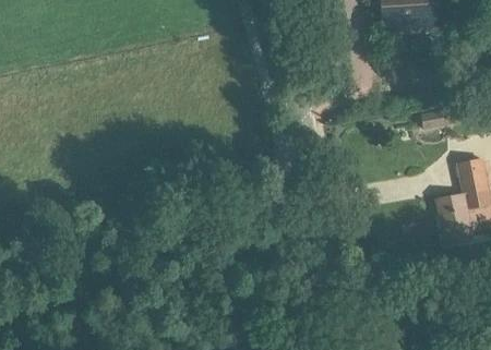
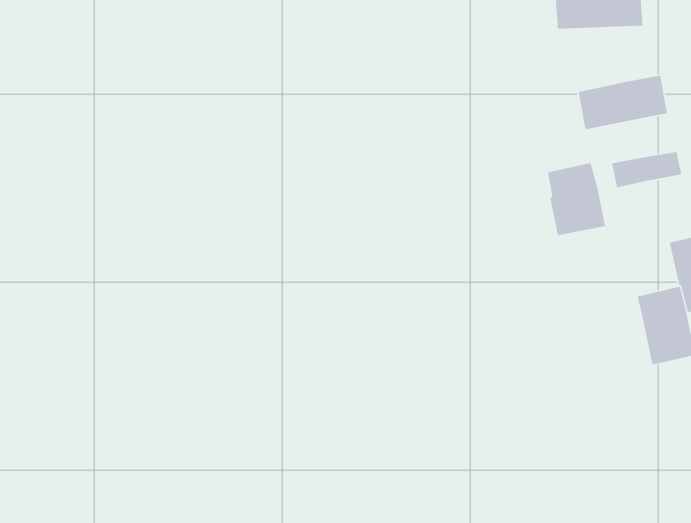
building: none -> [578,75,668,130]
building: none -> [547,162,606,236]

